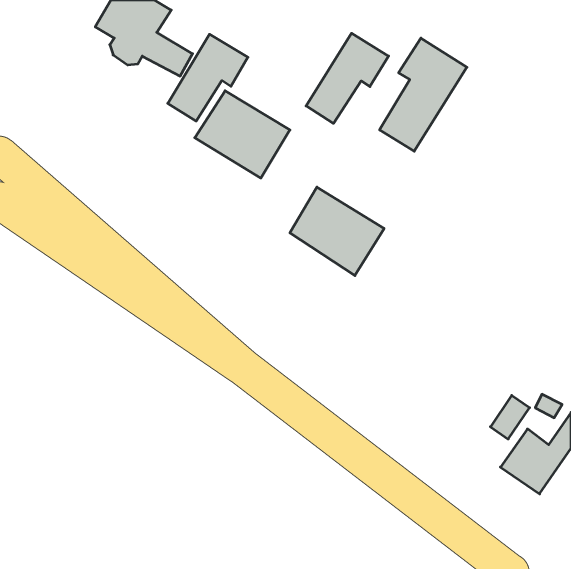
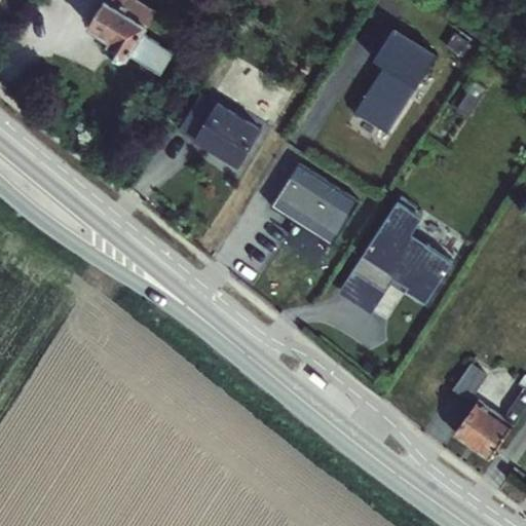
building: [306,33,389,123] -> none
building: [168,34,248,121] -> none
building: none -> [341,197,454,314]

